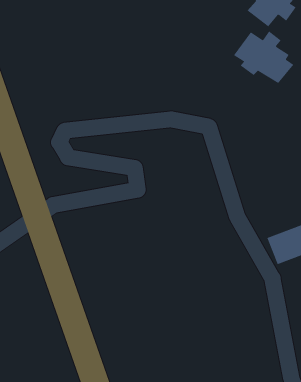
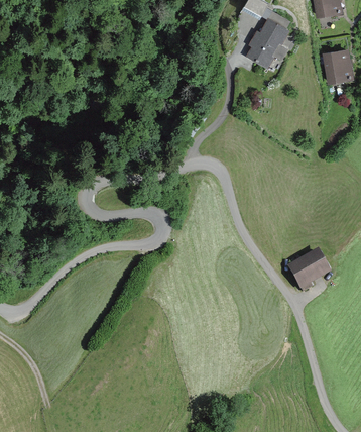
building: [233,30,294,84] -> none

